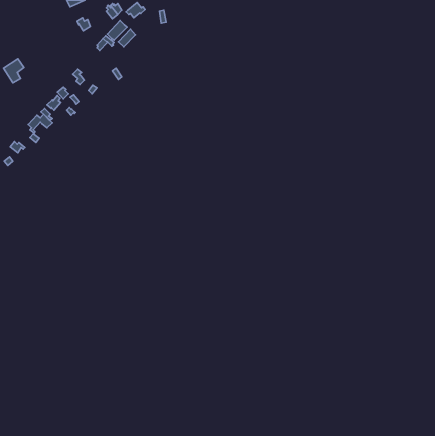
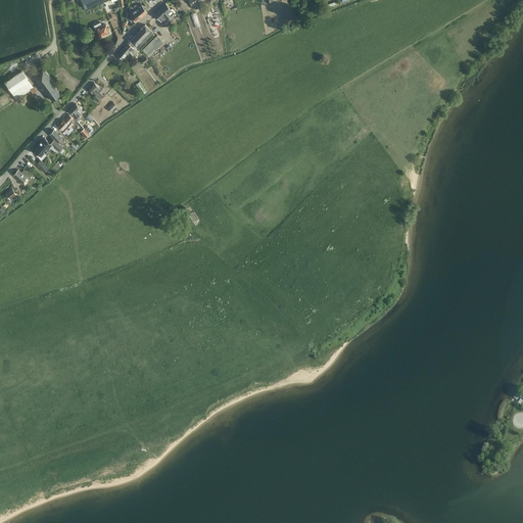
building: none -> [34,69,59,100]

